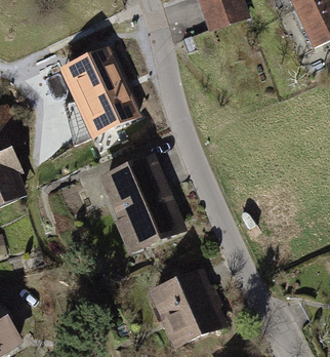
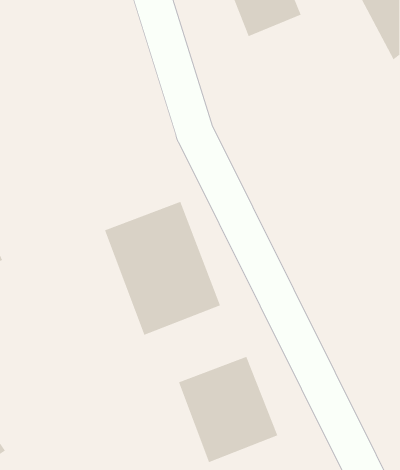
building: [53,47,134,138] -> none

